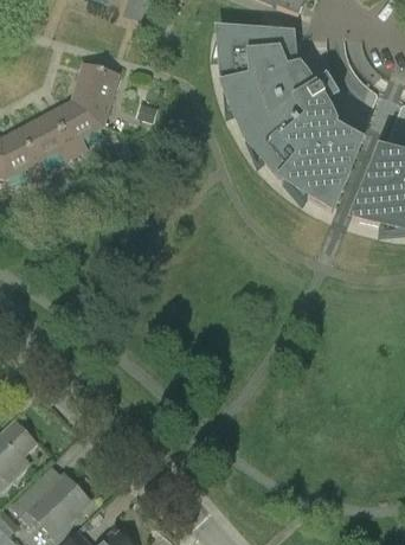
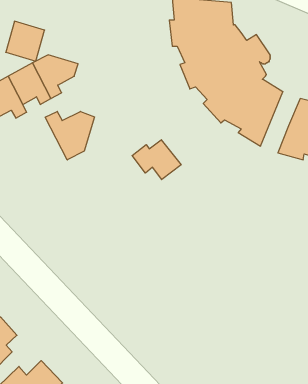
building: [71,62,118,110] -> [6,21,45,61]
building: none -> [45,111,95,160]
building: none -> [132,140,181,180]

